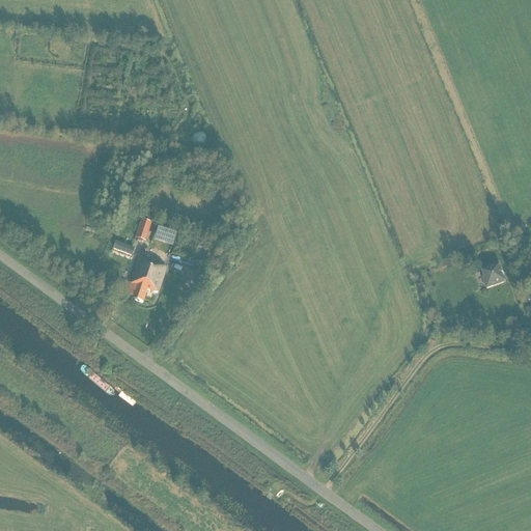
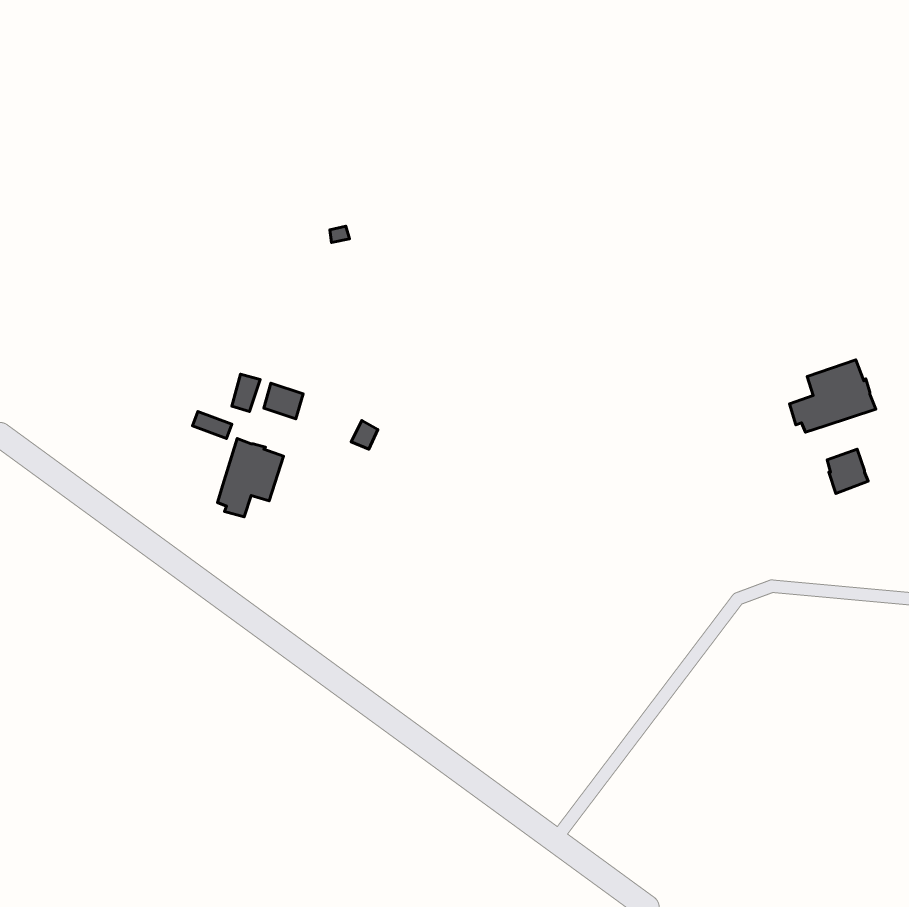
building: none -> [790,360,876,432]

